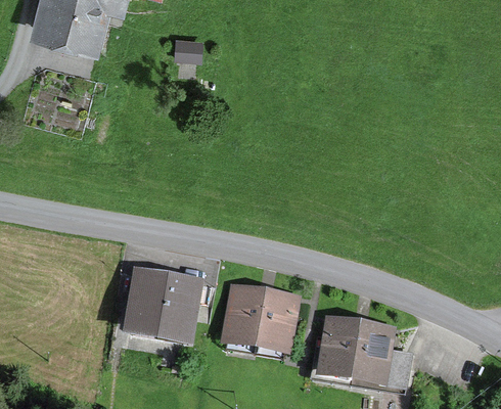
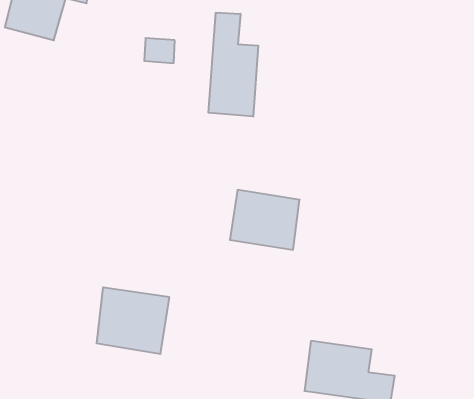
building: none -> [208,13,258,117]
building: [225,292,290,349] -> [230,190,300,250]

